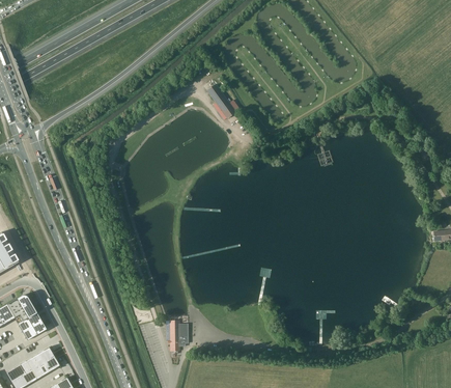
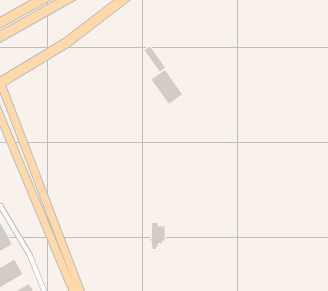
building: none -> [150,69,183,105]
building: [168,321,188,354] -> [149,223,165,250]

